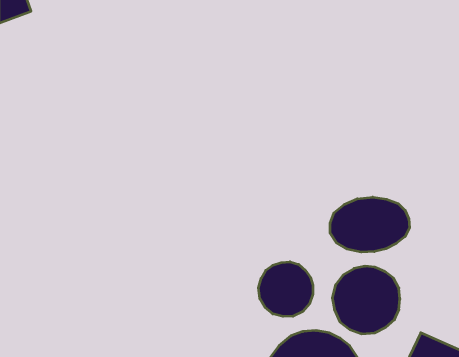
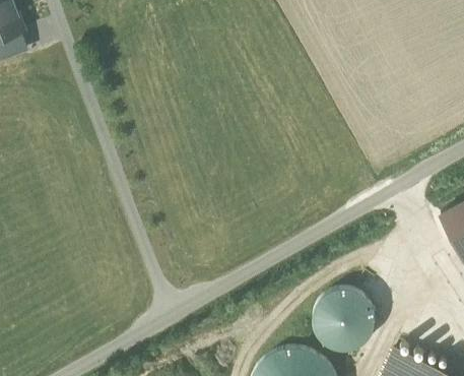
building: [330,197,410,252] -> none
building: [258,262,313,316] -> none

